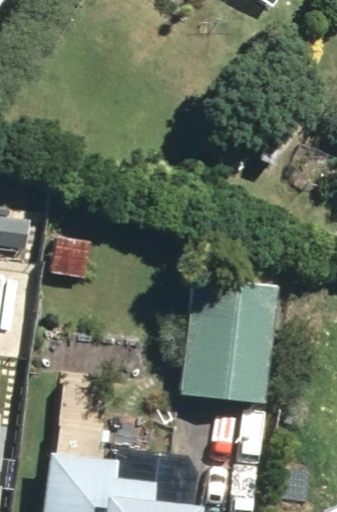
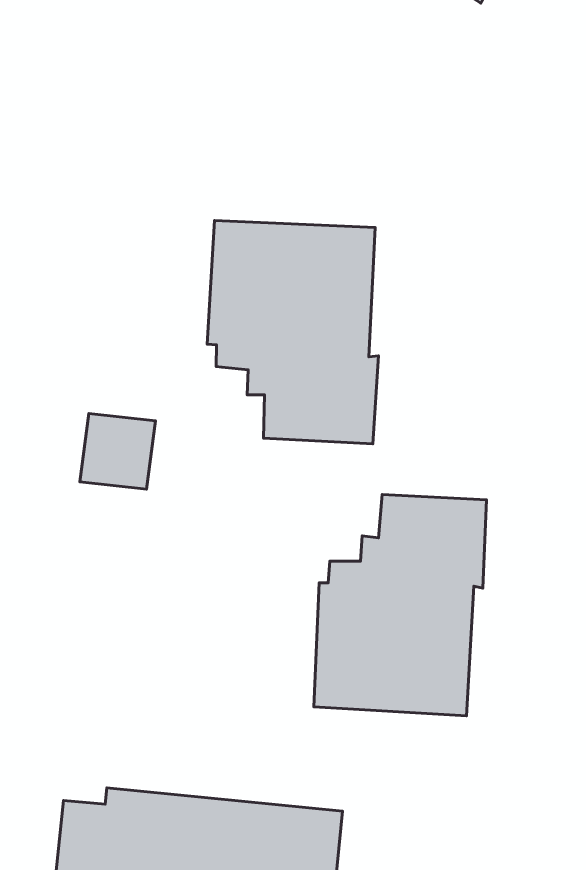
building: none -> [207,220,378,444]

